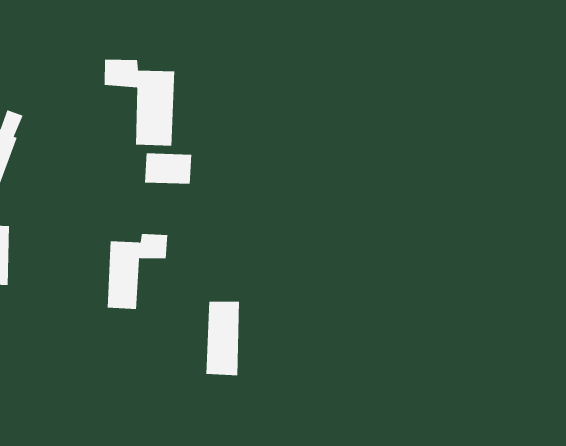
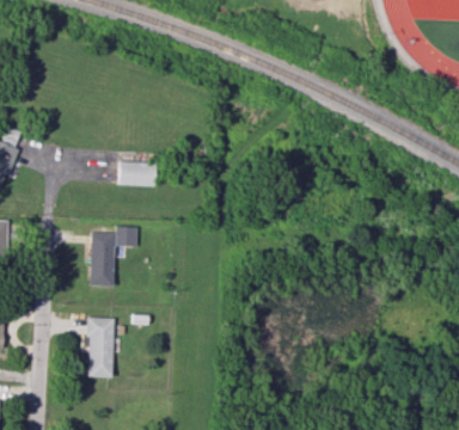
building: [104,59,175,146] -> none
building: [205,301,240,376] -> [86,318,114,377]

